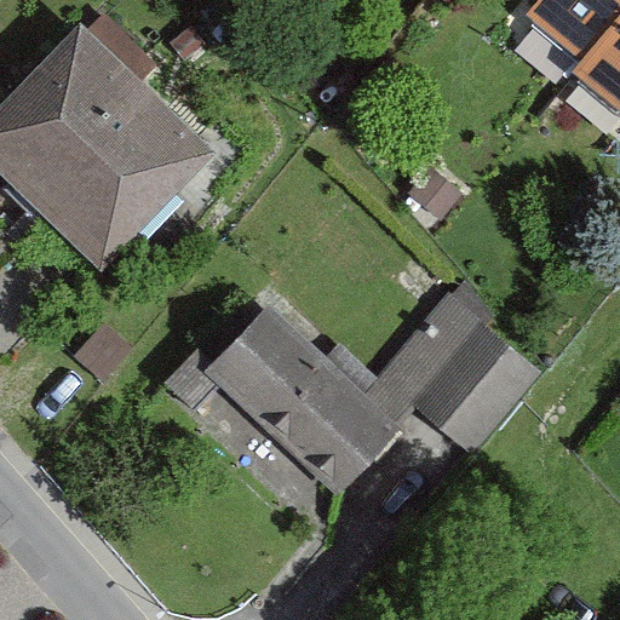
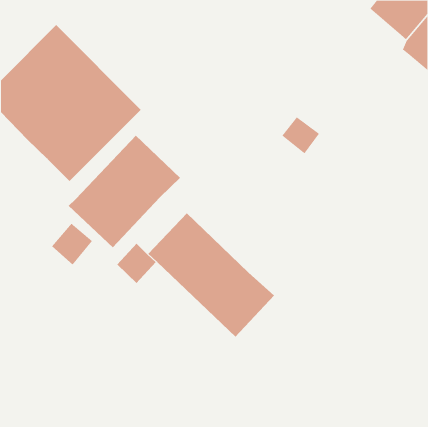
building: none -> [68,135,181,248]
building: [360,294,540,447] -> none

